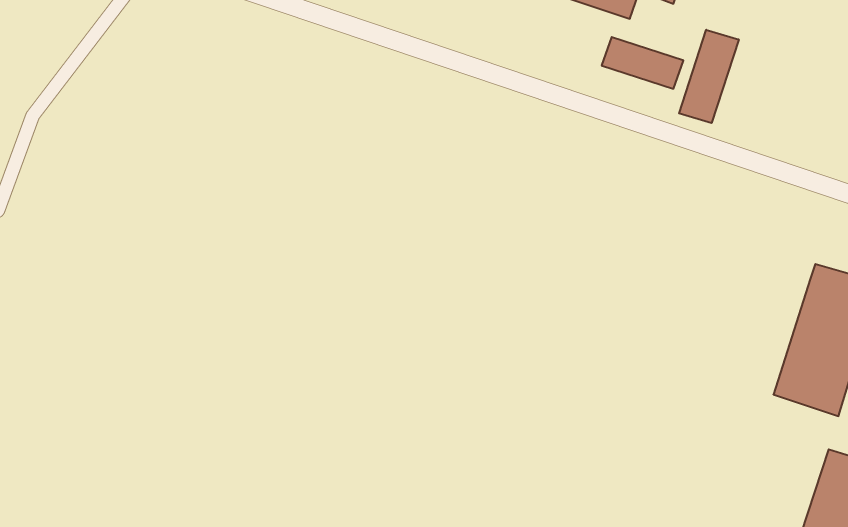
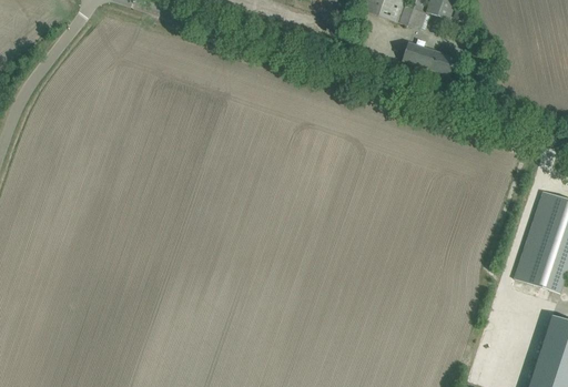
building: [679,30,739,123] -> none

